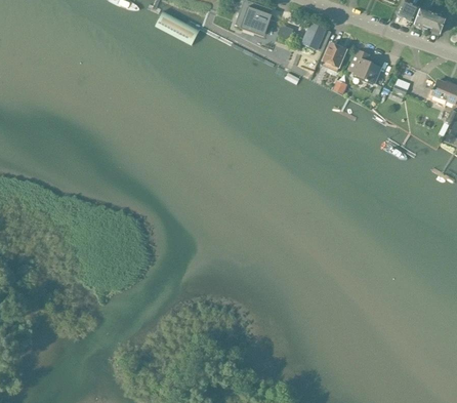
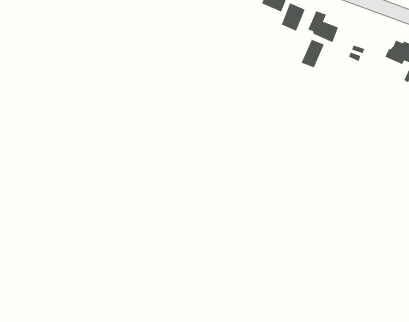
building: none -> [301,39,324,68]

